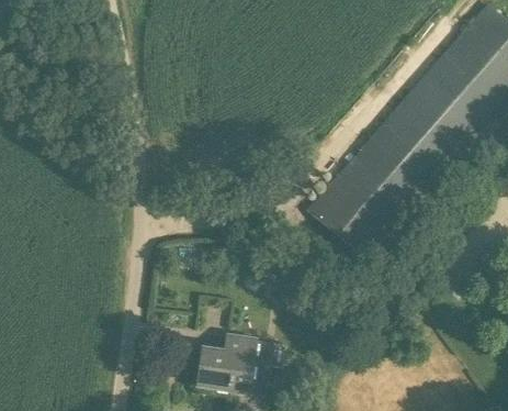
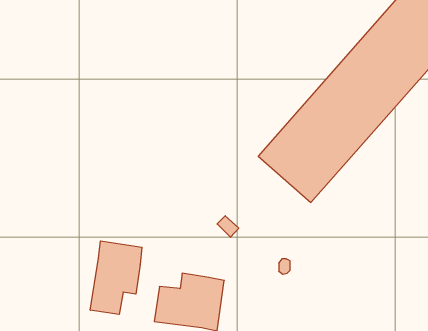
building: none -> [90,241,142,314]

